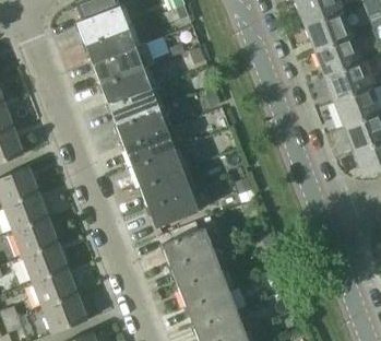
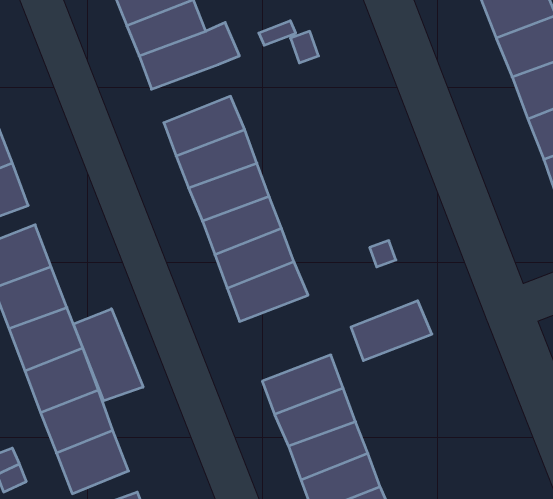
building: [100,68,150,104] -> none
building: none -> [73,309,143,401]
building: [162,227,212,264] -> [351,301,432,361]

